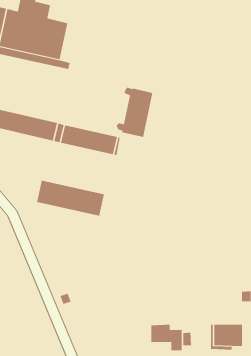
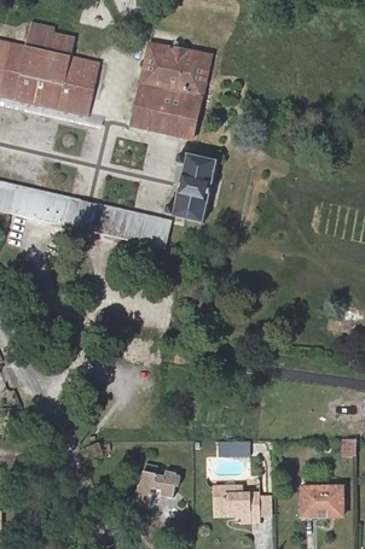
building: none -> [132,41,212,138]
building: [37,180,105,217] -> none
building: none -> [218,438,251,455]
building: none -> [129,462,180,506]

